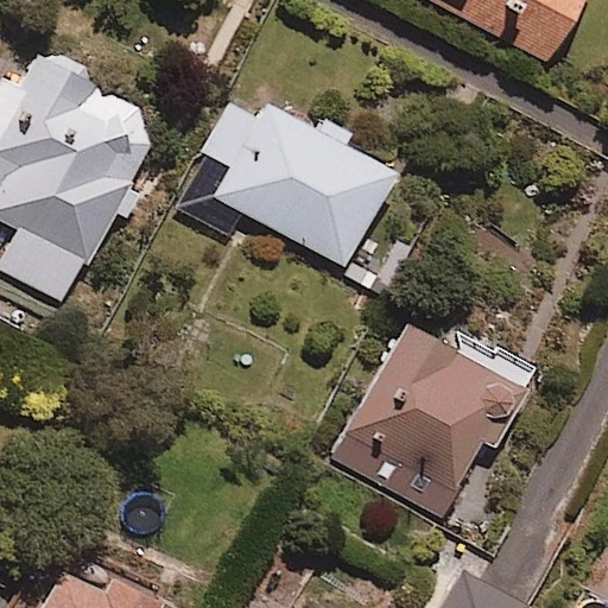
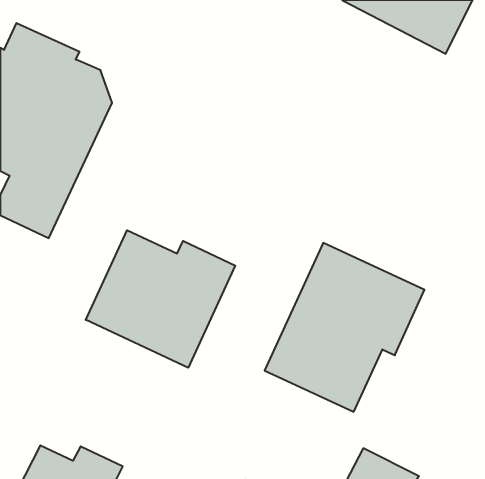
building: [200,99,393,267] -> none
building: none -> [86,230,235,368]

